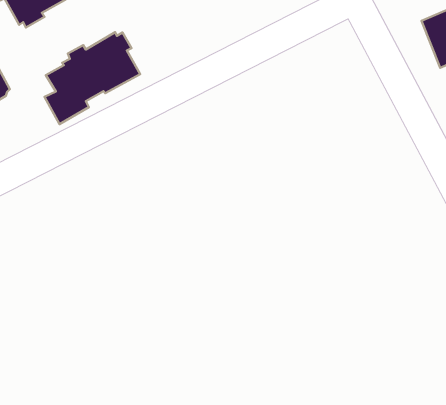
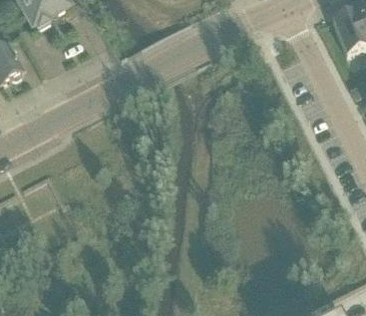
building: [44,32,140,124] -> none

